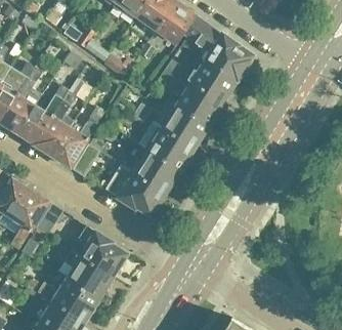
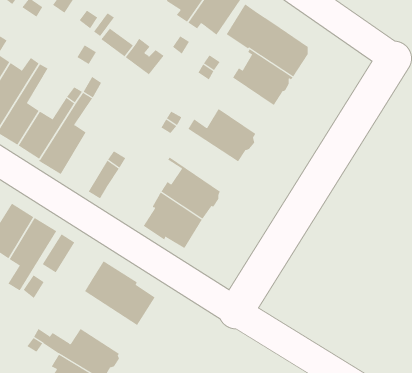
building: [177,78,222,123] -> none
building: [51,105,104,167] -> none
building: [138,119,194,169] -> none
building: [63,249,113,299] -> none

